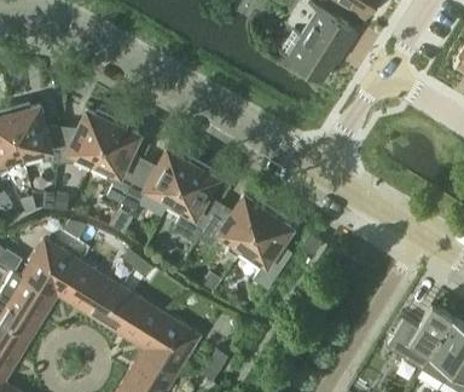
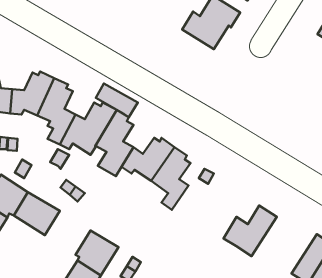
building: none -> [96,84,138,117]
building: [103,289,162,346] -> none
building: [385,305,454,370] -> [224,206,277,256]

